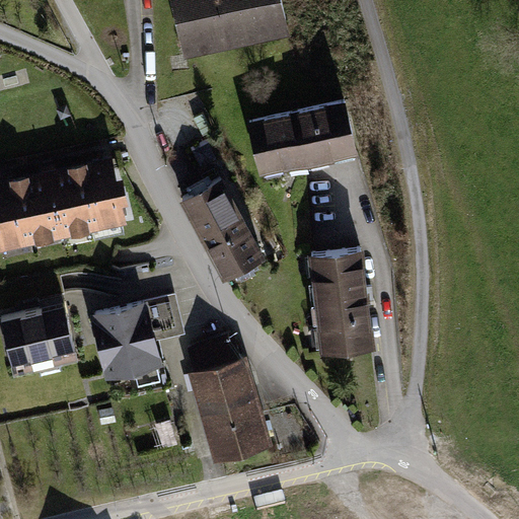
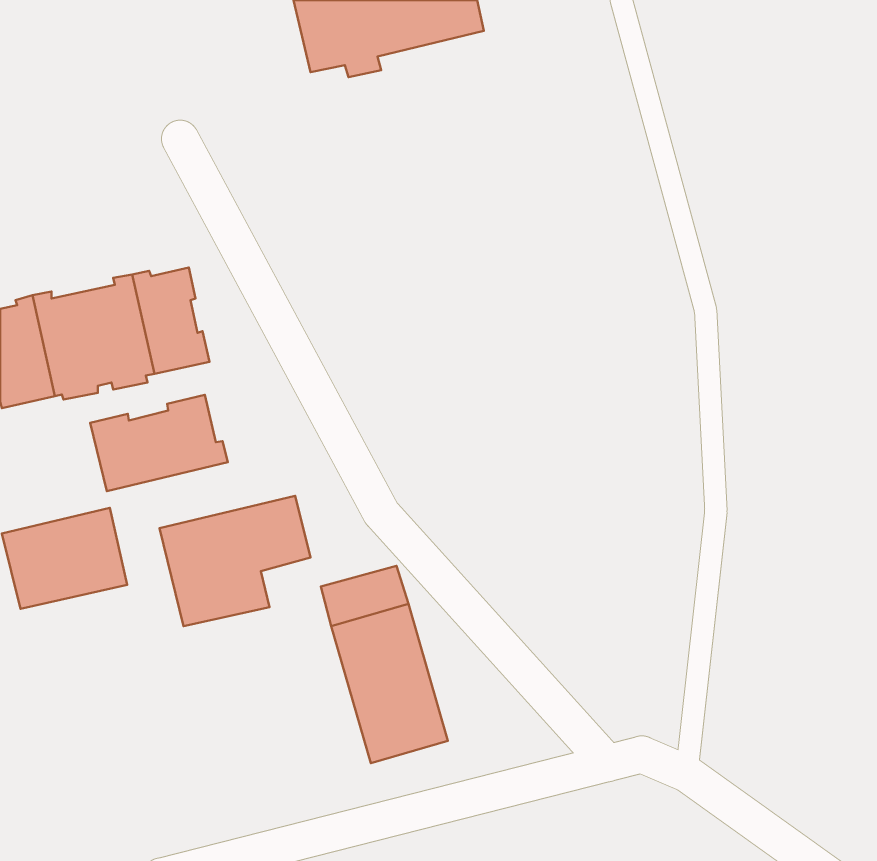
building: [250,107,356,176] -> none
building: [182,184,263,284] -> none
building: none -> [90,395,228,491]
building: [312,255,372,357] -> none

